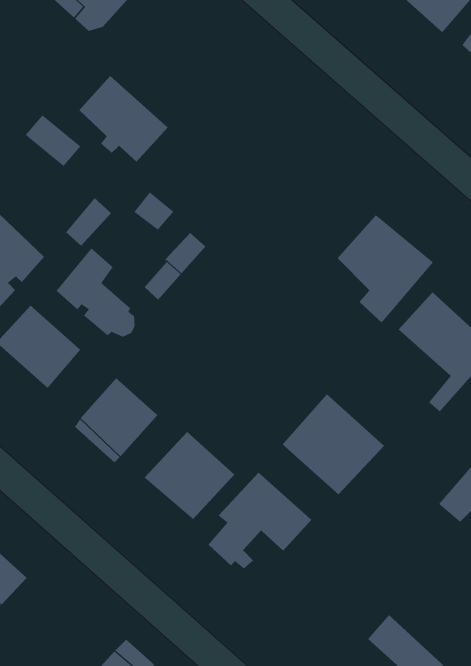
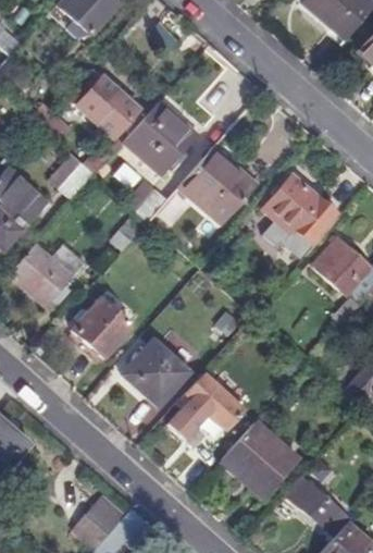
building: none -> [126,101,199,175]
building: none -> [182,150,254,223]
building: [56,247,135,337] -> none
building: [282,394,385,495] -> [221,421,298,497]

